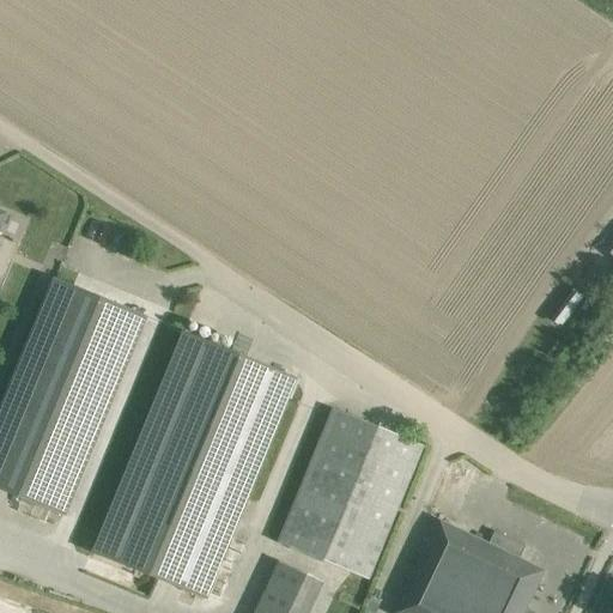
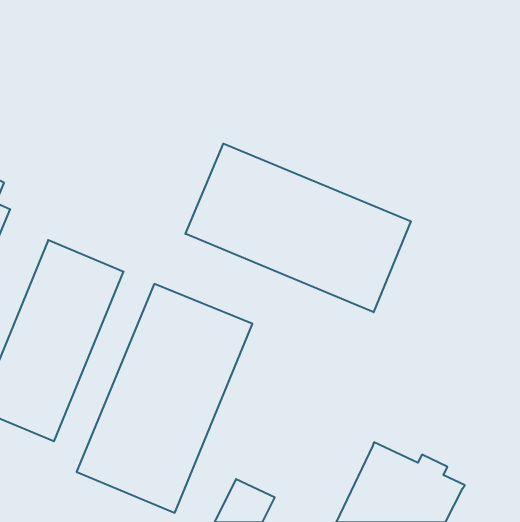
building: none -> [185,144,411,312]
building: [275,409,421,581] -> none

